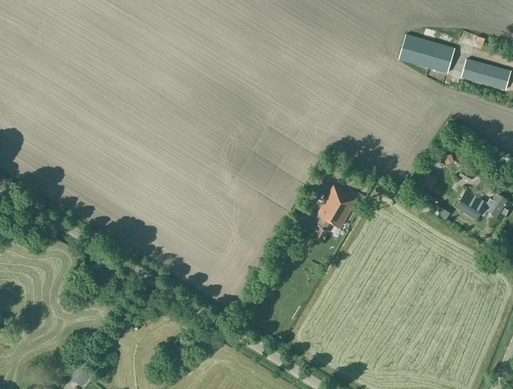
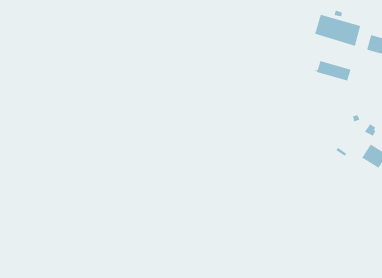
building: none -> [314,60,352,81]
building: [314,184,357,241] -> none

